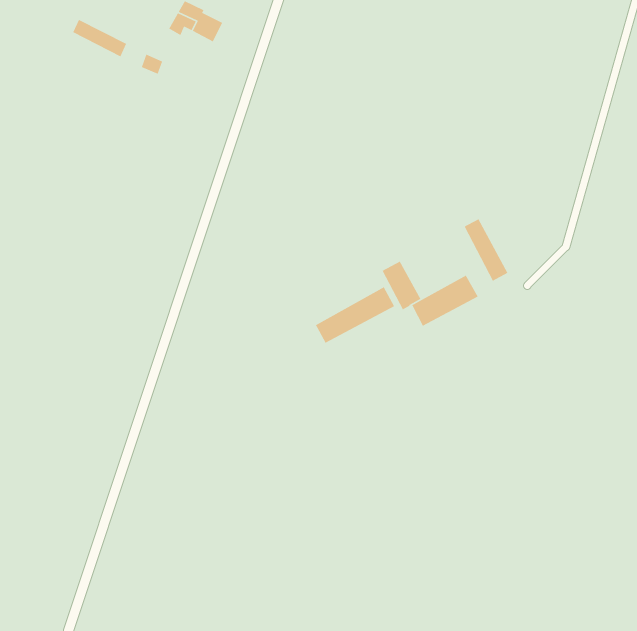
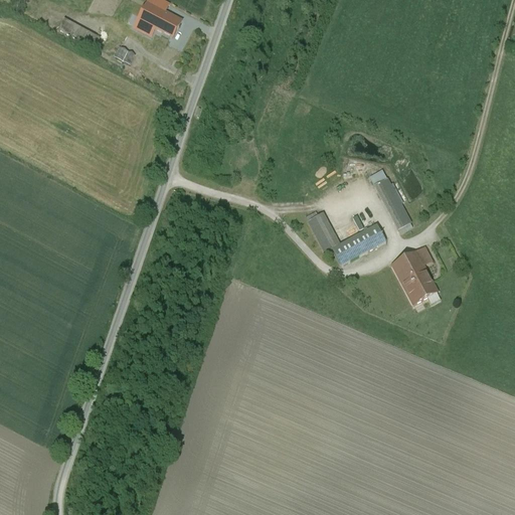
building: [314,286,395,344] -> none
building: none -> [392,249,437,302]

